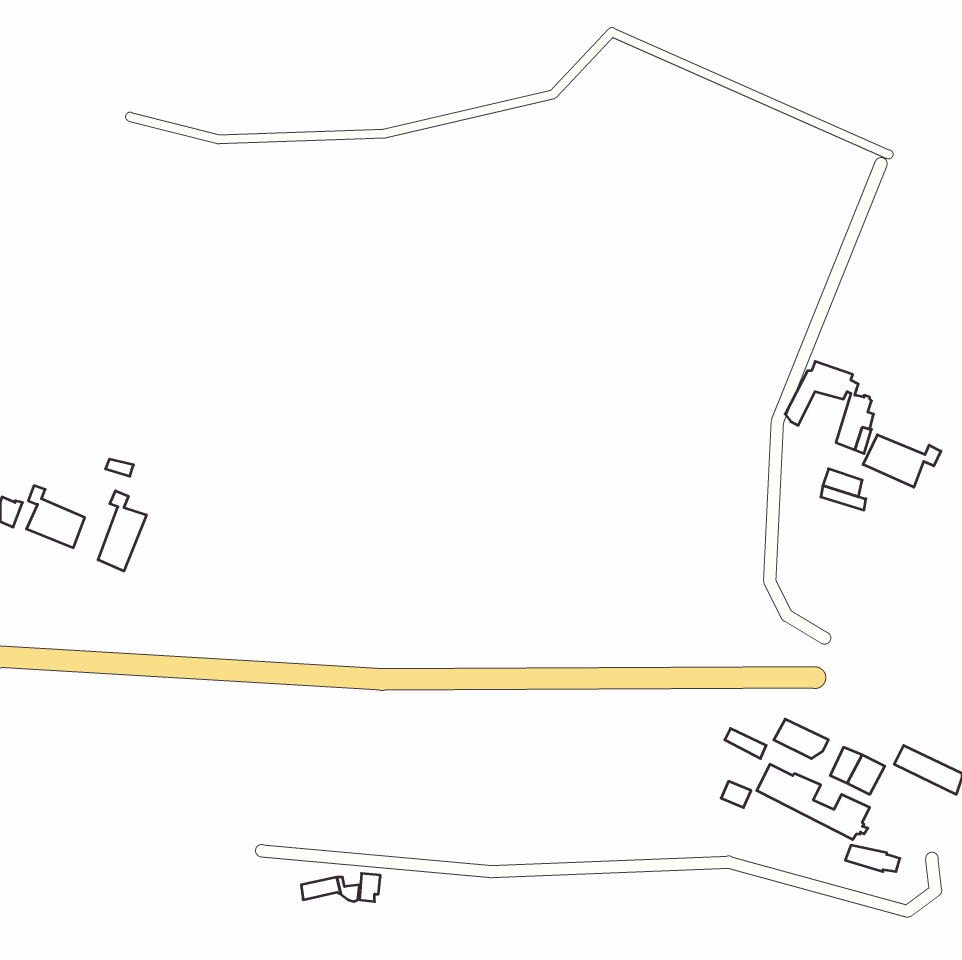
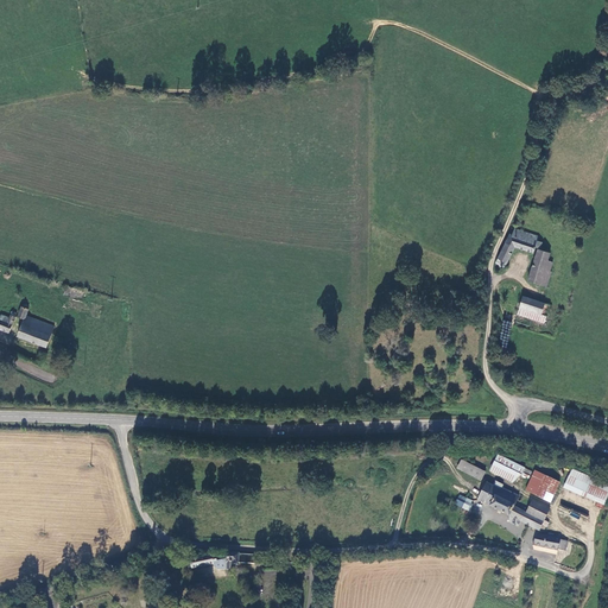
building: [863,435,941,487] -> none
building: [98,491,146,571] -> none

